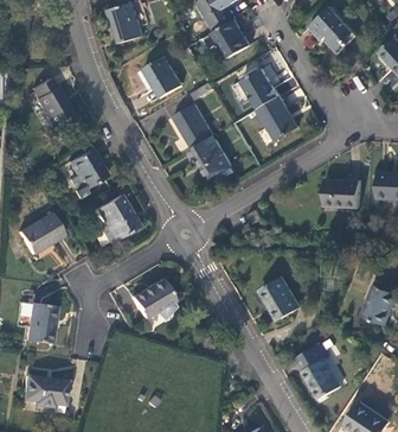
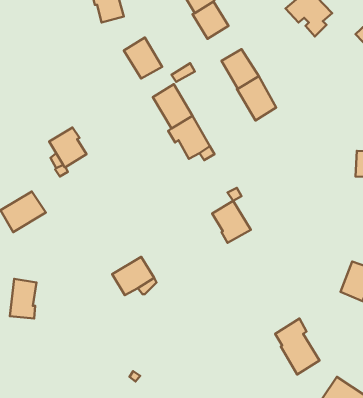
building: [28,77,73,129] -> none
building: [326,178,361,207] -> none
building: [96,195,137,242] -> none
building: [263,277,302,319] -> [212,201,251,243]
building: [24,375,68,406] -> none

